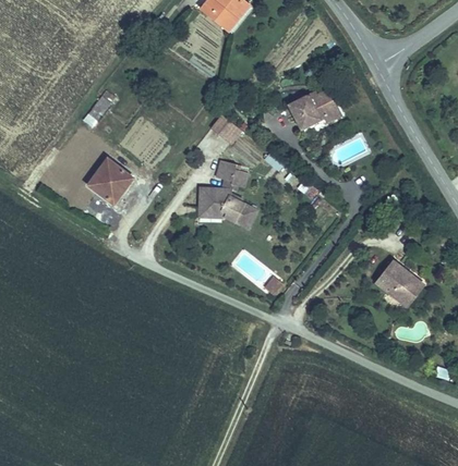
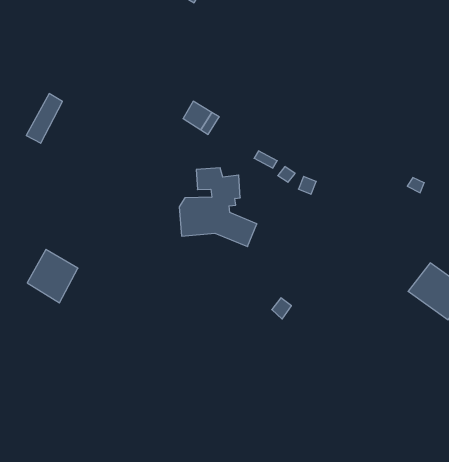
building: [287,89,342,127] -> none
building: [93,154,135,198] -> [27,249,78,303]

